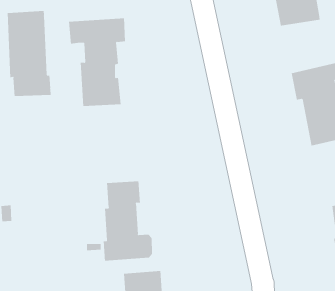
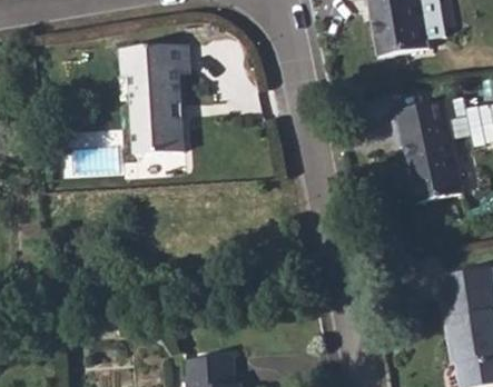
building: [7,10,51,97] -> none
building: [103,180,153,262] -> none

